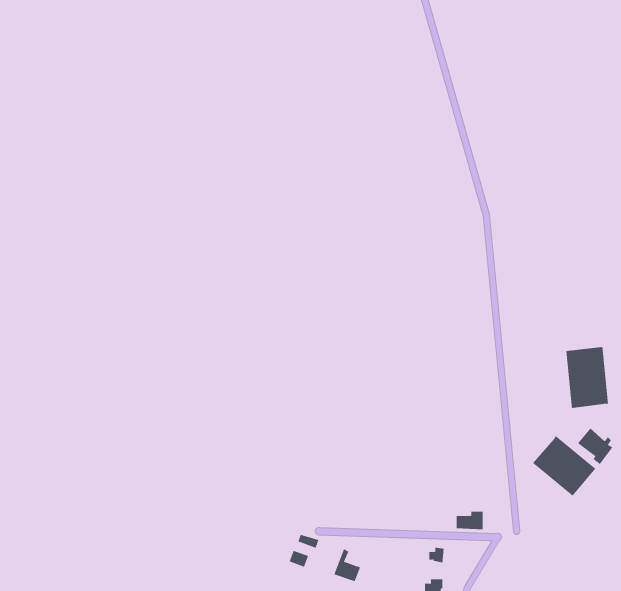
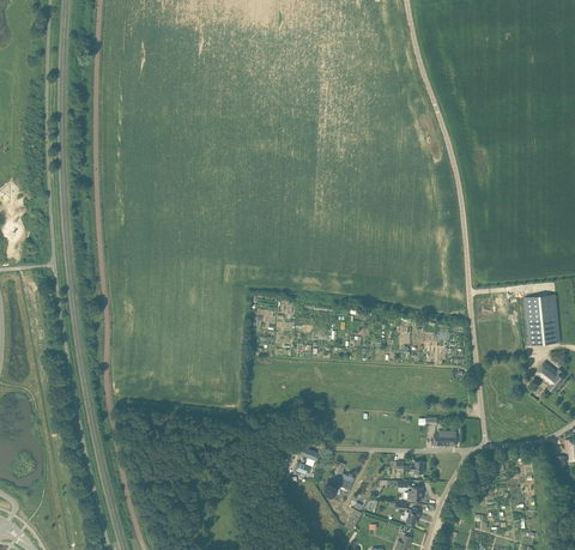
building: [532,435,596,496] -> none

